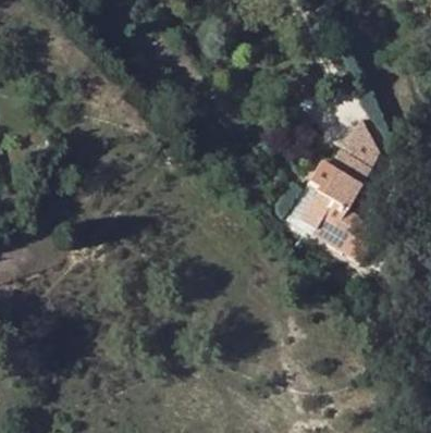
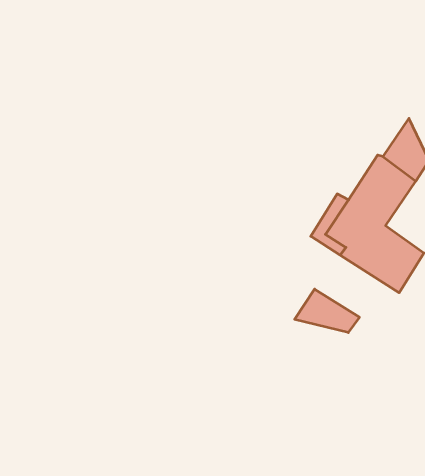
building: none -> [295,289,359,333]

